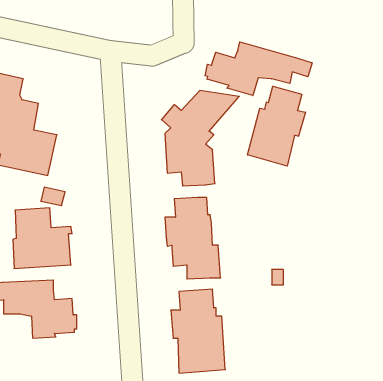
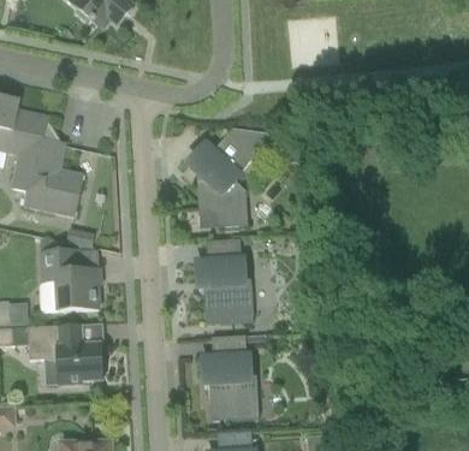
building: [205,42,312,96] -> none
building: [247,86,305,166] -> none

